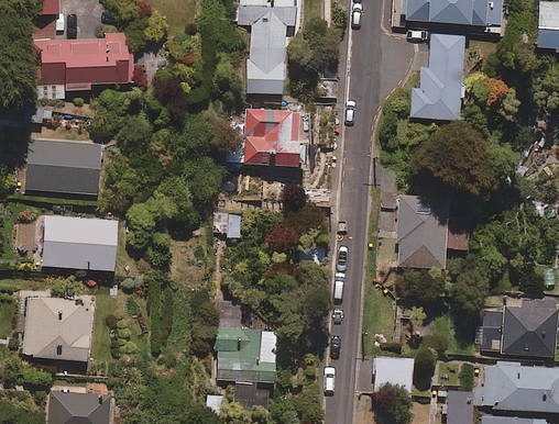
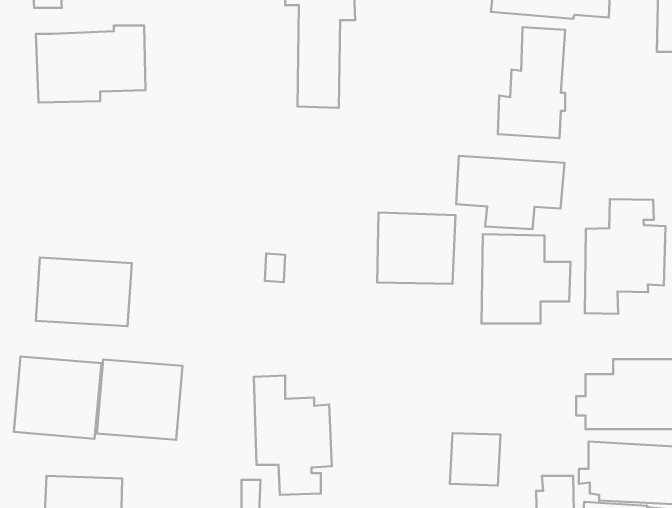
building: [243,110,306,167] -> [377,212,455,284]
building: none -> [456,156,564,229]
building: [25,136,102,193] -> none
building: none -> [585,199,665,314]
building: none -> [97,360,182,440]

